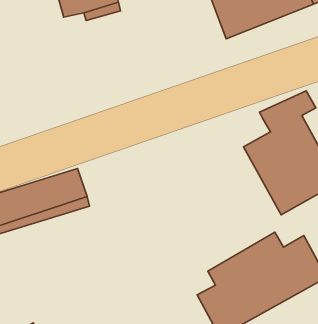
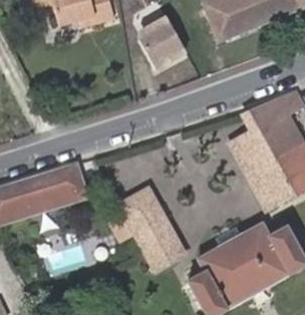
building: none -> [135,10,191,68]
building: none -> [119,189,186,270]

